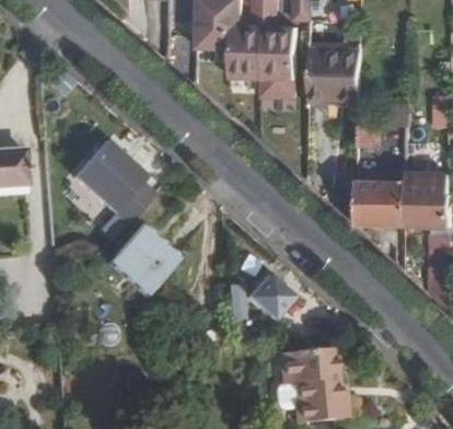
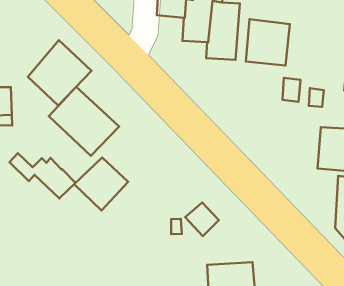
building: none -> [28,40,92,106]
building: [355,171,407,227] -> none
building: none -> [9,153,75,198]

